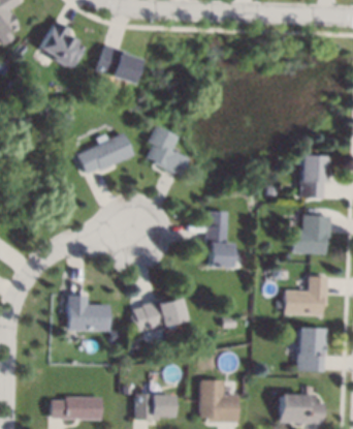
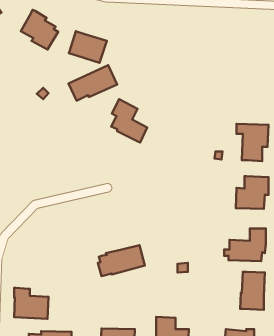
building: [76,132,133,174] -> [68,65,117,100]
building: [205,211,233,264] -> none
building: [68,295,108,331] -> [14,288,48,319]

